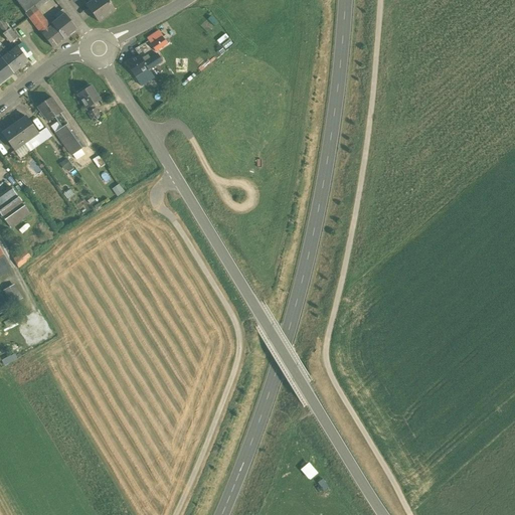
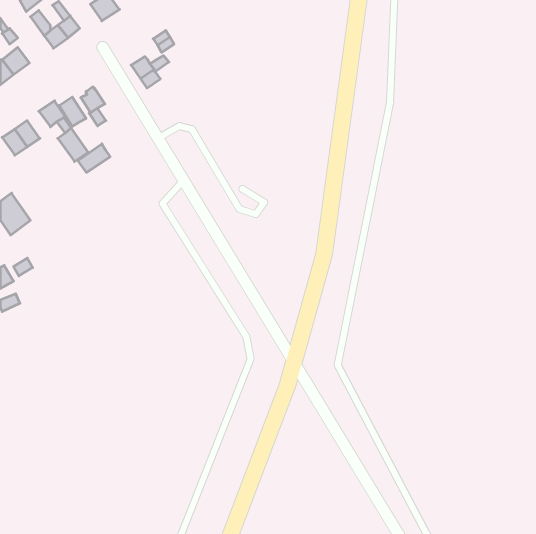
building: none -> [59,97,86,127]
building: none -> [78,144,110,172]

